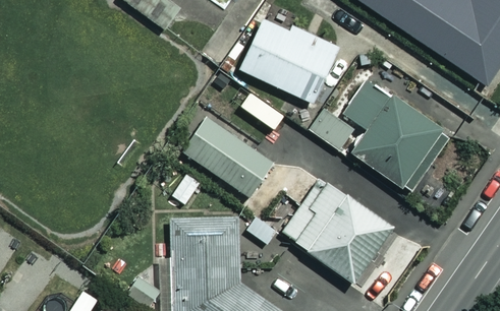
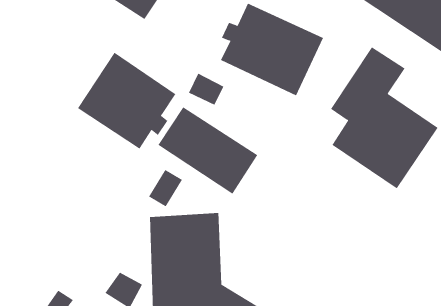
building: none -> [77,52,176,150]
building: [282,180,391,284] -> none

